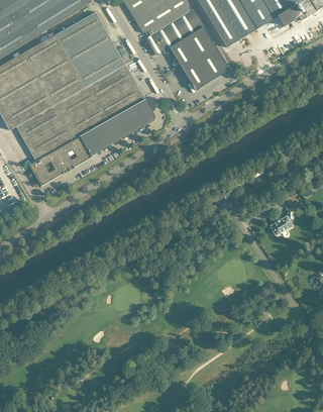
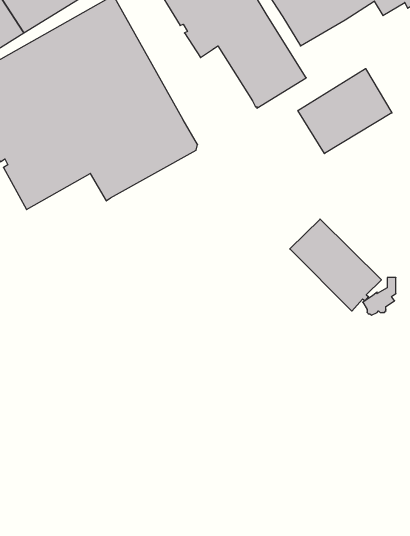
building: none -> [298,69,392,154]
building: [29,134,92,184] -> none
building: none -> [290,219,381,311]

